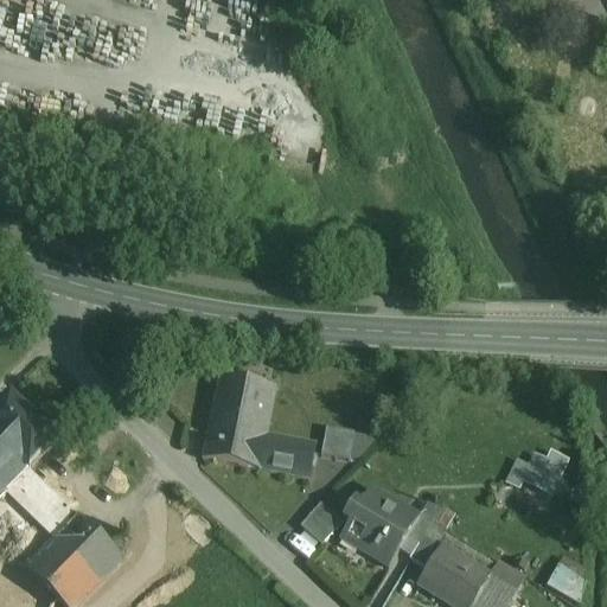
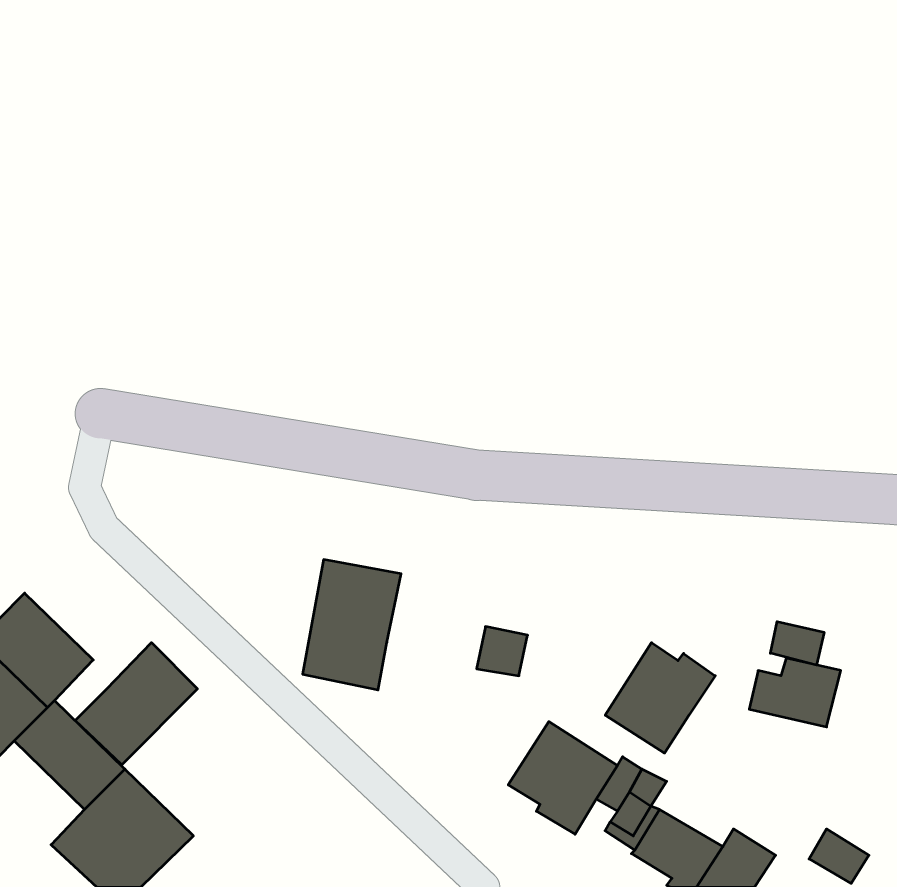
building: none -> [770,622,824,665]
building: [255,433,311,473] -> none
building: none -> [75,643,197,765]
building: none -> [605,643,715,753]
building: [298,500,340,543] -> none

